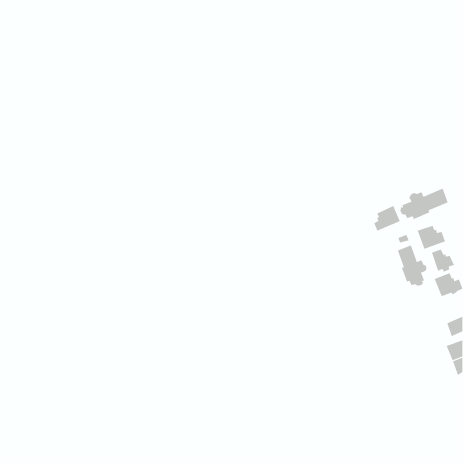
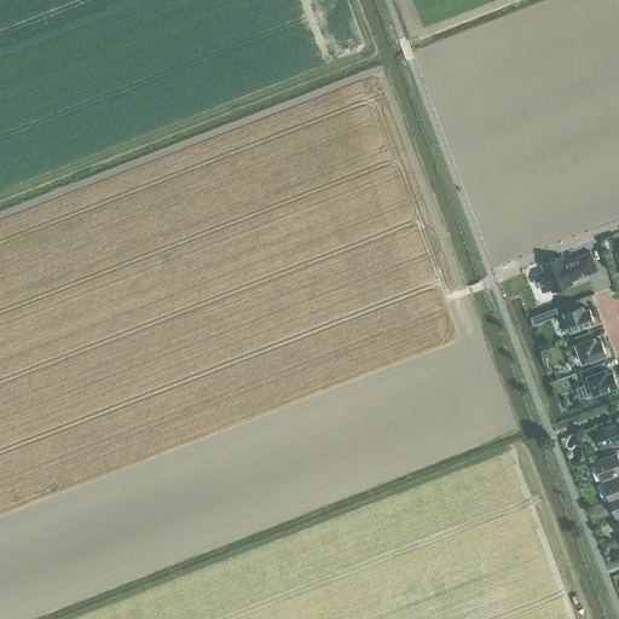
building: [373,205,400,231] -> none
building: [397,245,427,287] -> none

